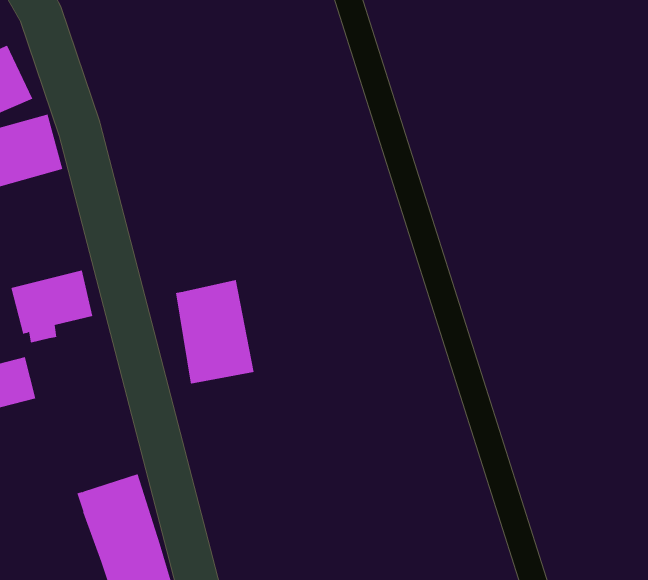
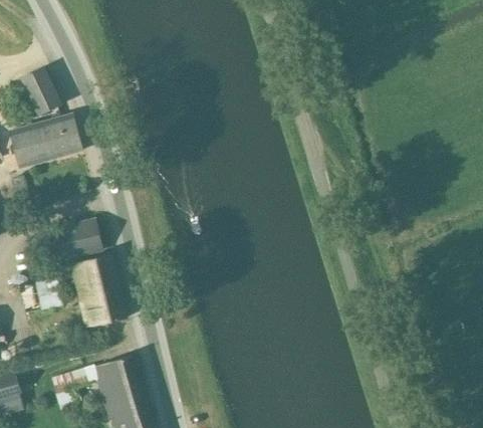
building: [175,279,255,384] -> [72,255,126,326]

